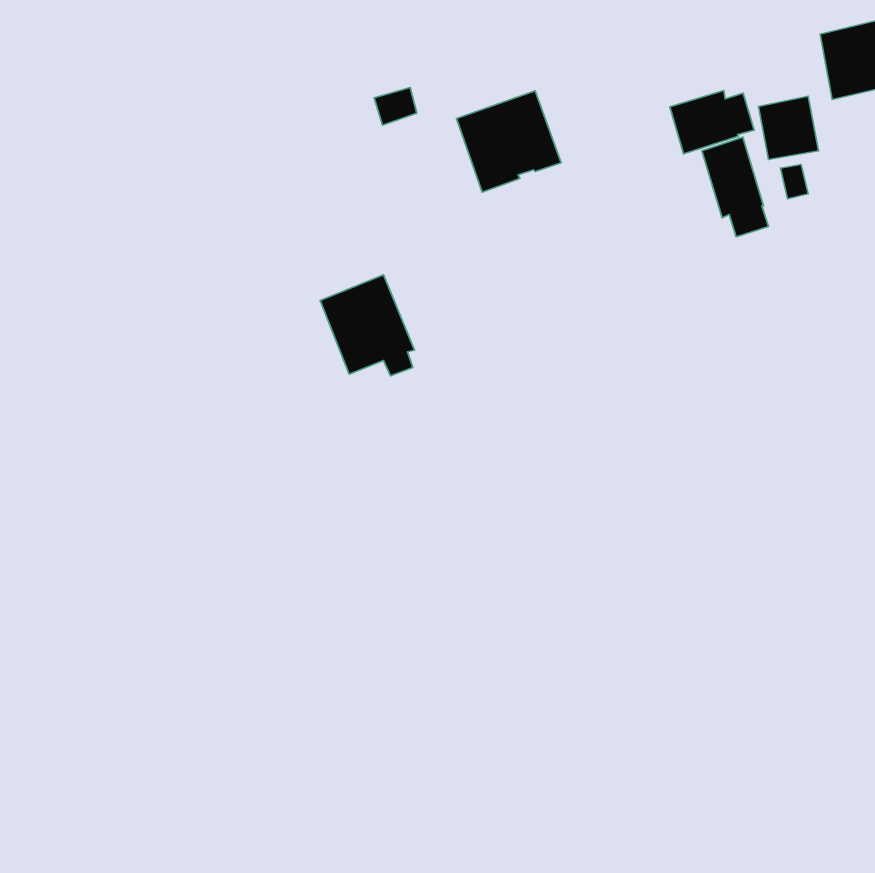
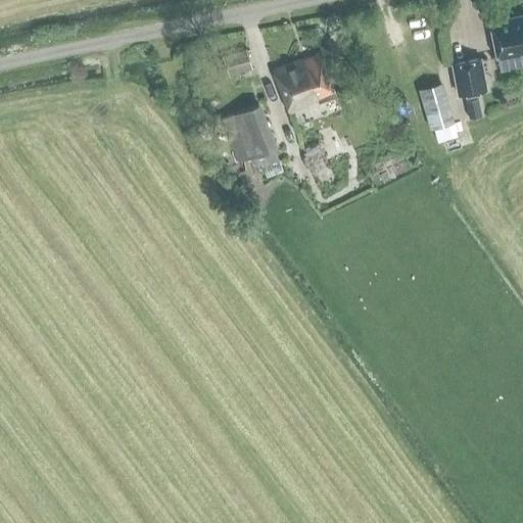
building: [670,90,754,154] -> none
building: [320,275,414,376] -> [222,105,278,165]

